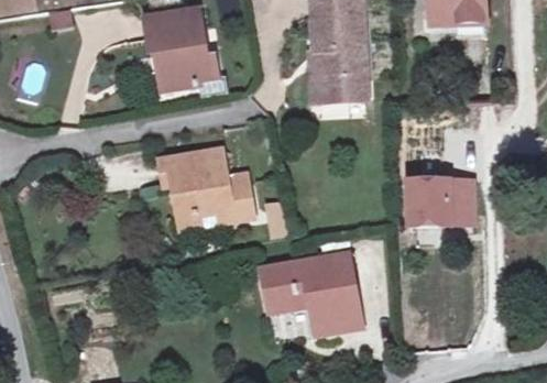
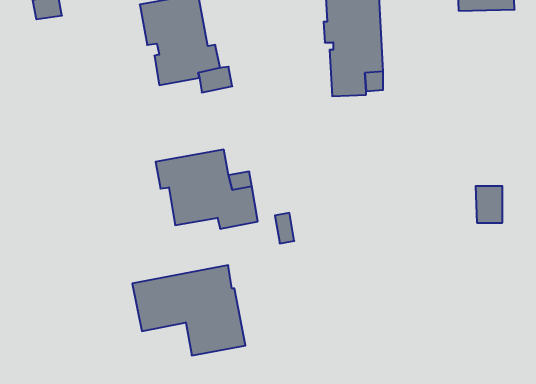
building: [409,182,450,226] -> none
building: [261,252,363,333] -> [132,265,245,355]

